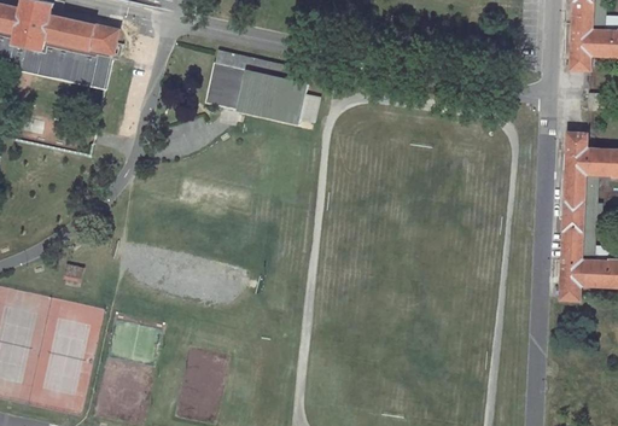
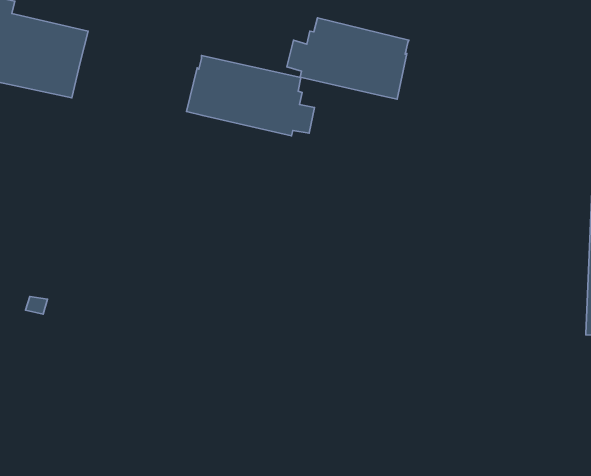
building: none -> [287,18,409,99]

